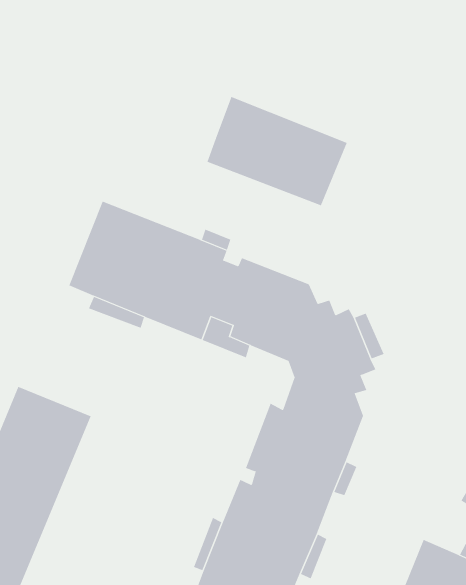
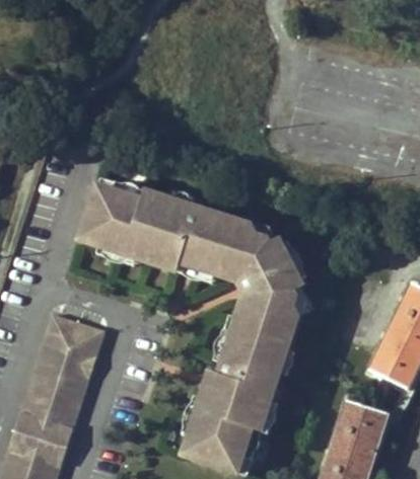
building: [207,96,348,206] -> none

